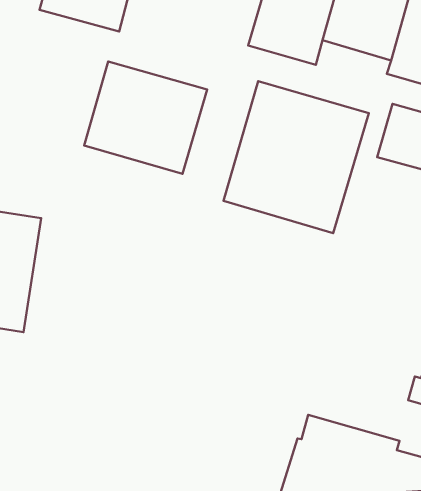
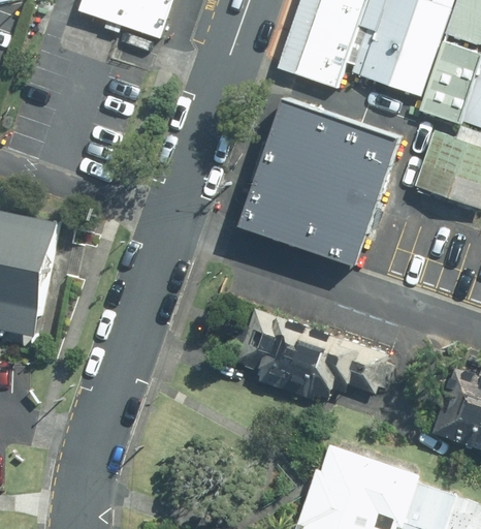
building: [84,62,207,174] -> none
building: none -> [231,309,390,402]

